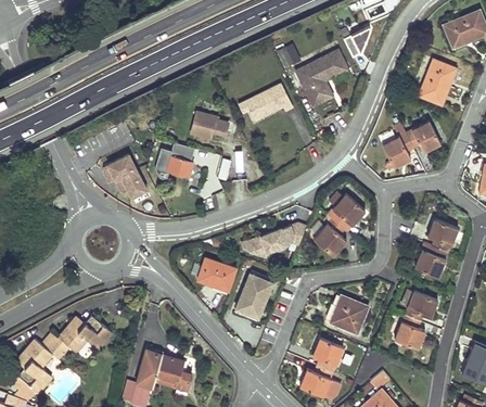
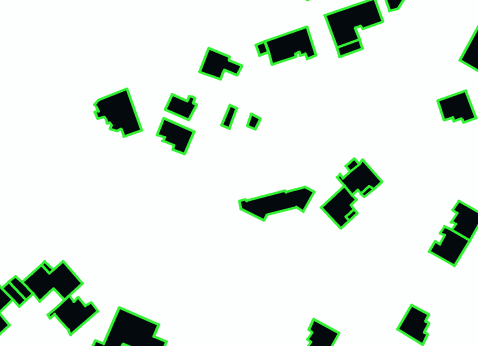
building: [382,124,412,168] -> none
building: none -> [157,118,194,154]
building: [197,258,236,293] -> none
building: [235,274,272,318] -> none
building: [404,291,437,322] -> none
building: [333,296,367,333] -> none
building: none -> [48,296,98,335]

